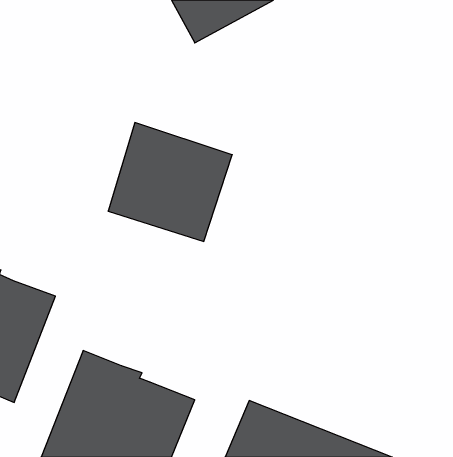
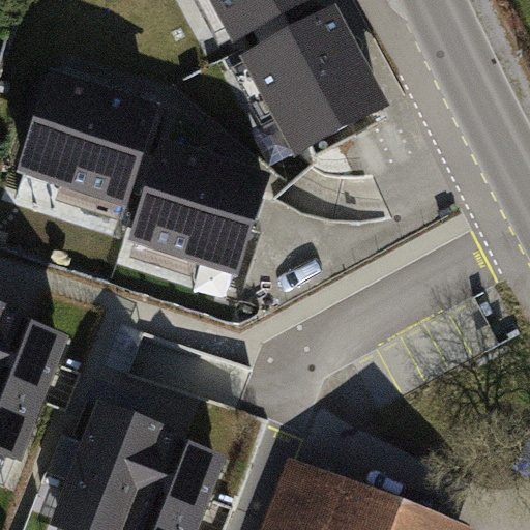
building: none -> [237,10,387,163]
building: none -> [10,75,156,211]

